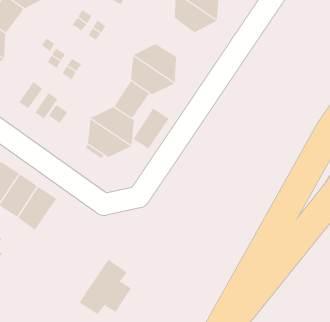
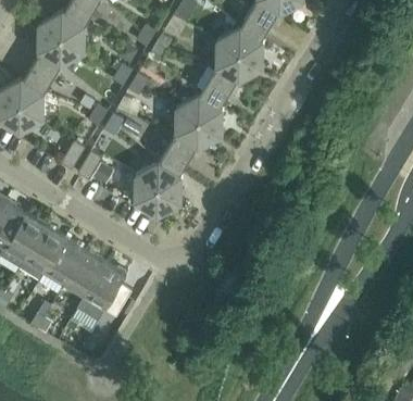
building: none -> [199,66,237,106]
building: [133,108,170,150] -> none
building: [79,259,132,315] -> [77,261,132,319]

